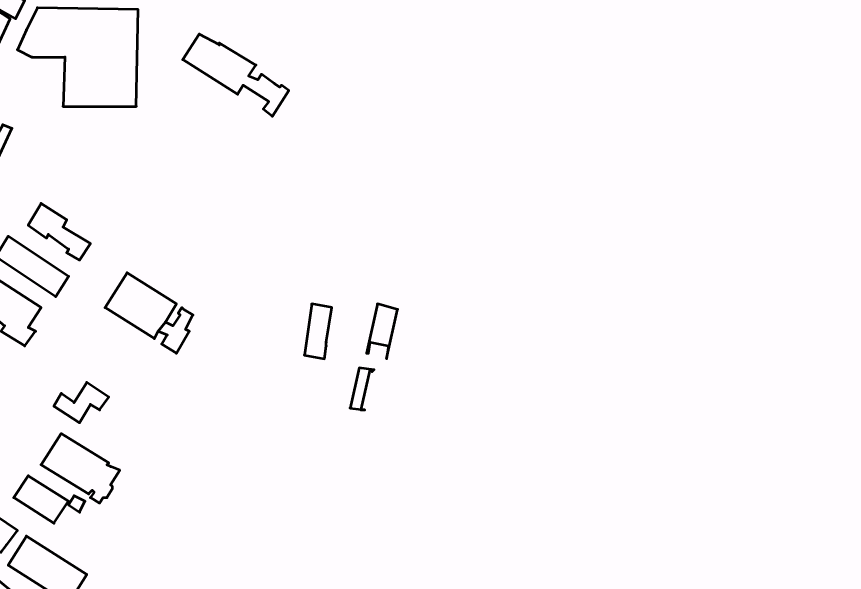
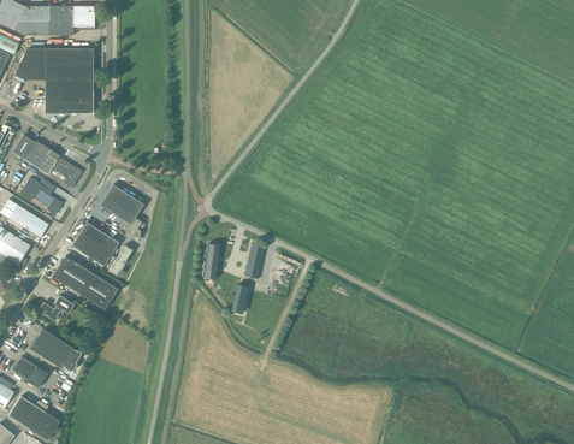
building: [183,34,289,116] -> [11,134,81,188]
building: none -> [99,183,143,238]
building: none -> [52,255,117,308]

